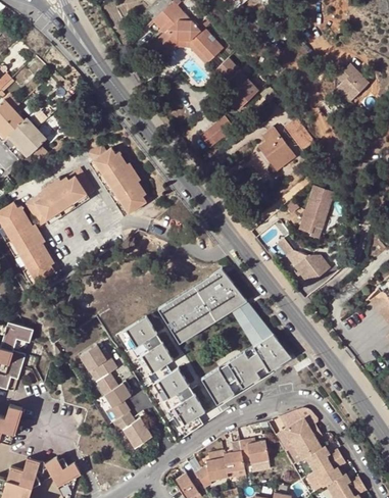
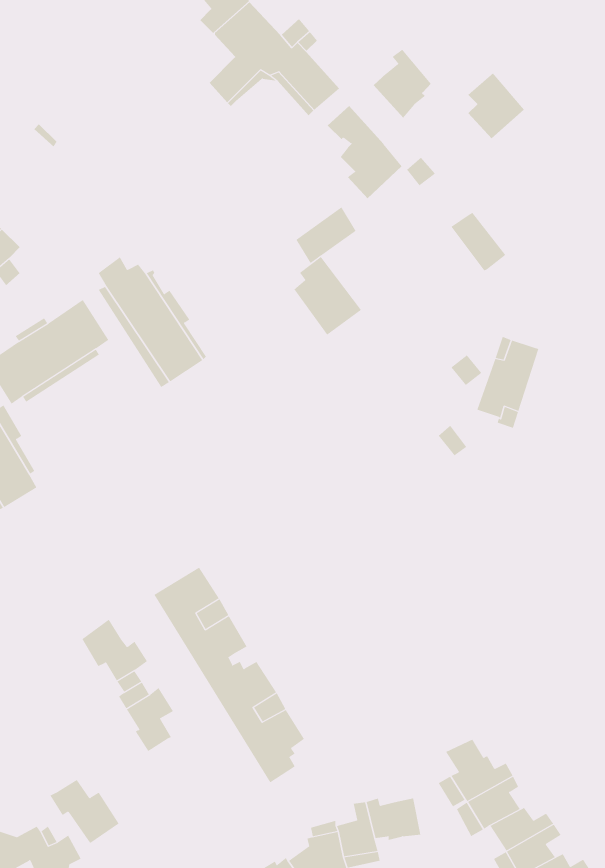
building: none -> [373,49,432,119]
building: [331,68,362,105] -> [467,73,525,139]
building: [259,129,297,172] -> [293,256,362,336]
building: [295,254,331,283] -> none
building: [158,269,291,403] -> none
building: [113,410,152,446] -> [49,779,120,844]

